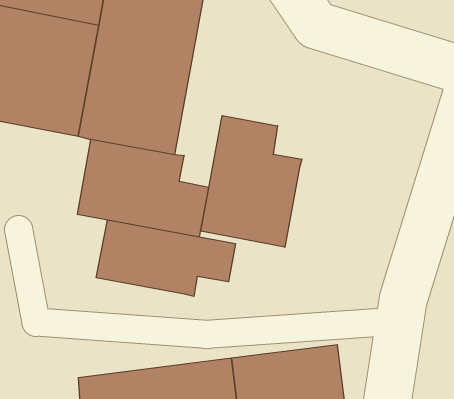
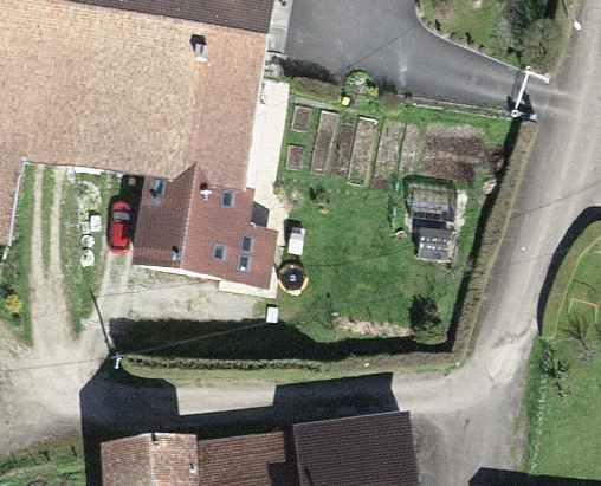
building: [201,116,302,247] -> none
building: [96,220,235,296] -> none

